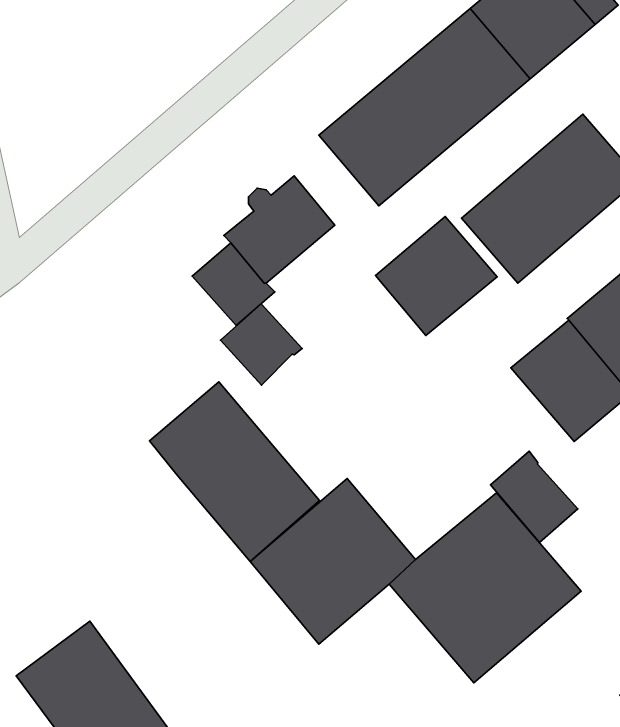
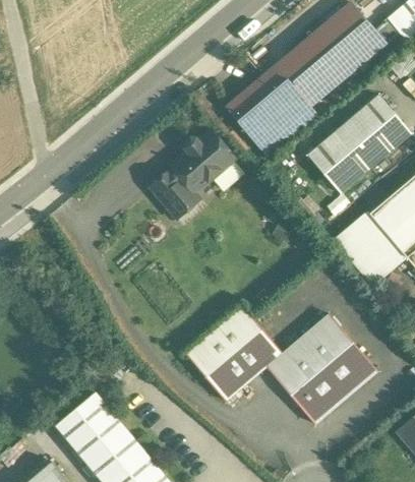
building: [376,216,497,336] -> none
building: [220,304,302,385] -> none
building: [150,382,319,561] -> none
building: [491,451,578,543] -> none

